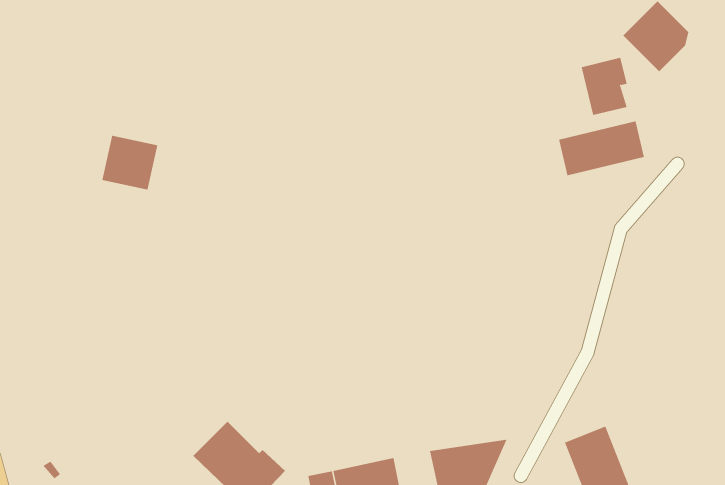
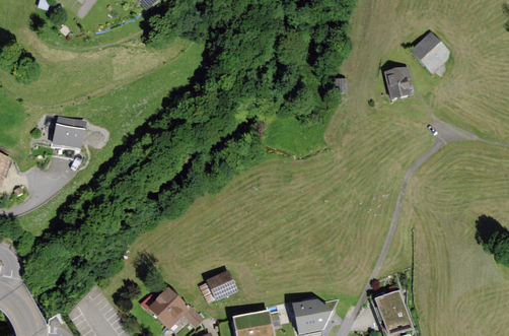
building: [559,121,644,176] -> none
building: [101,135,158,190] -> [52,116,86,149]
building: none -> [206,270,237,300]

